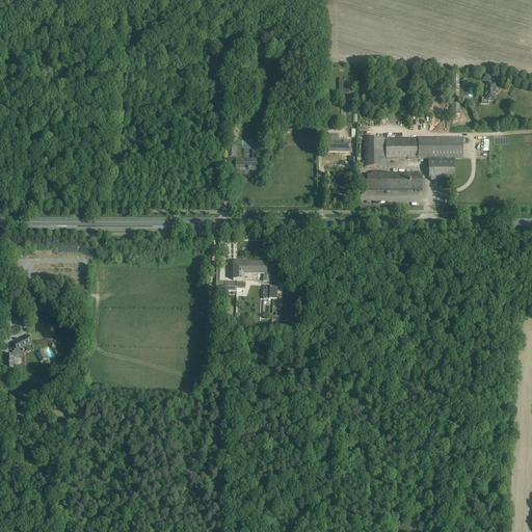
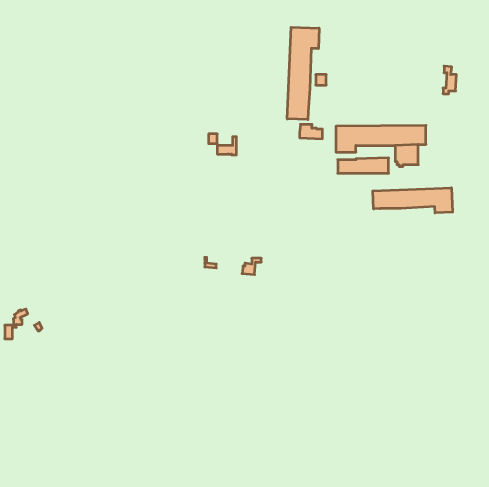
building: none -> [287,27,319,120]
building: none -> [373,188,453,213]
building: [233,259,269,280] -> none

